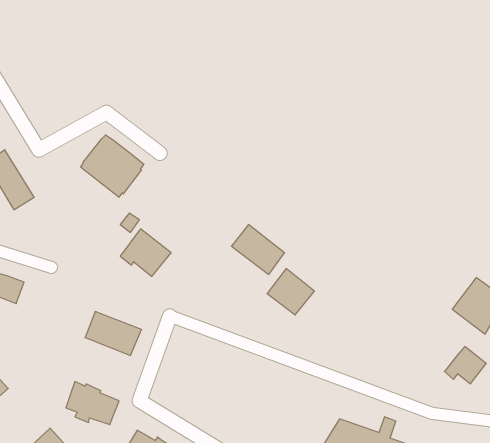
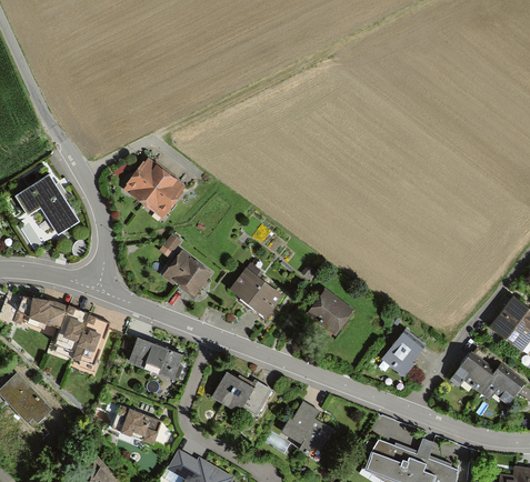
building: [231,225,285,274] -> [229,271,281,320]
building: none -> [53,303,109,361]
building: none -> [381,333,426,380]
building: none -> [451,357,494,392]
building: none -> [212,370,271,413]
building: none -> [279,401,332,451]

